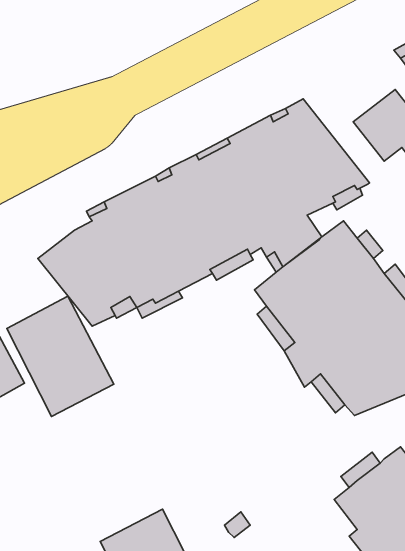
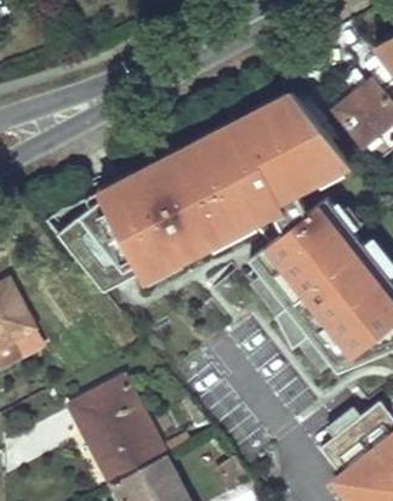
building: [7,296,114,416] -> [70,378,166,486]

